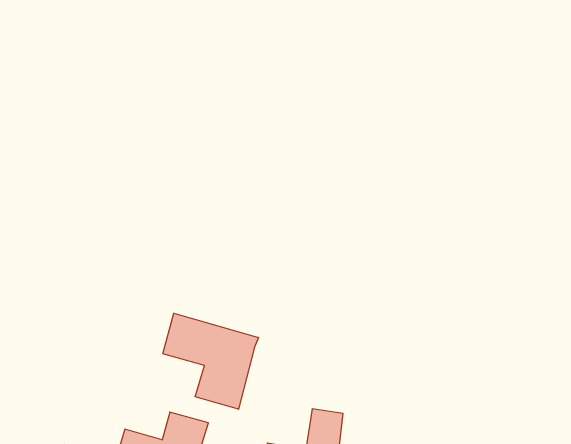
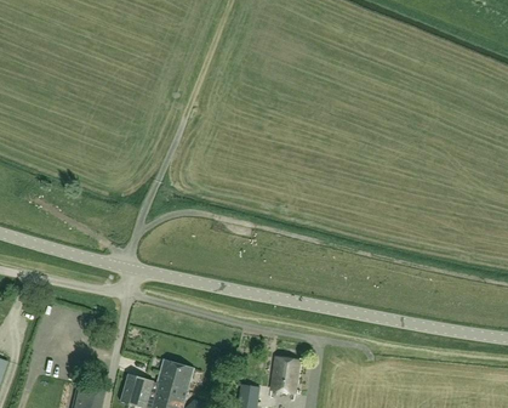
building: [163,313,258,409] -> none

